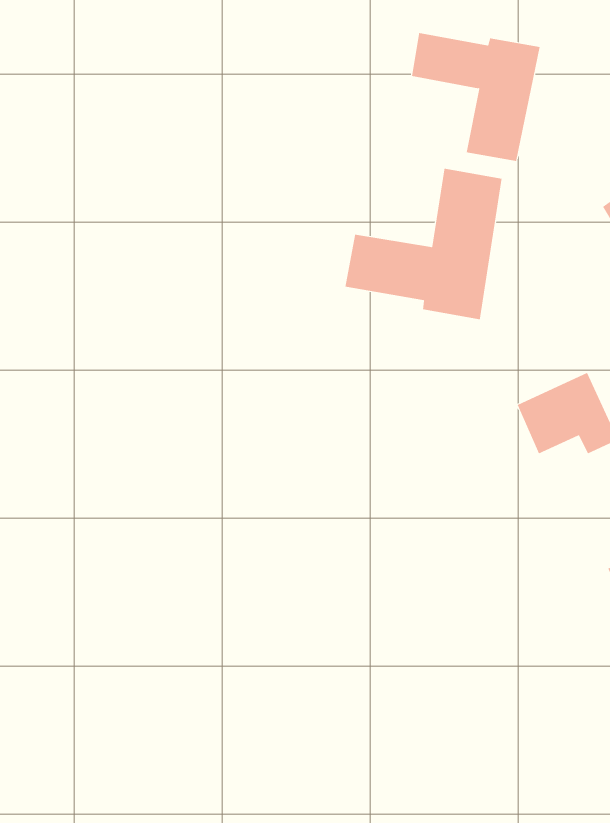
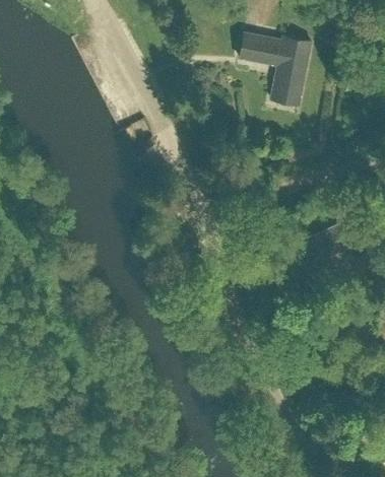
building: [345,168,502,320] -> none

